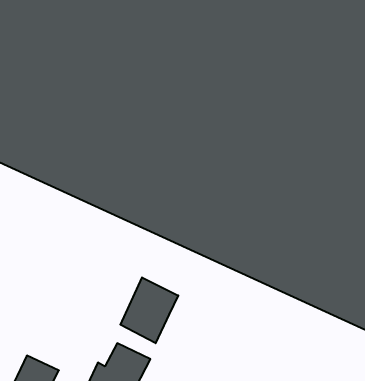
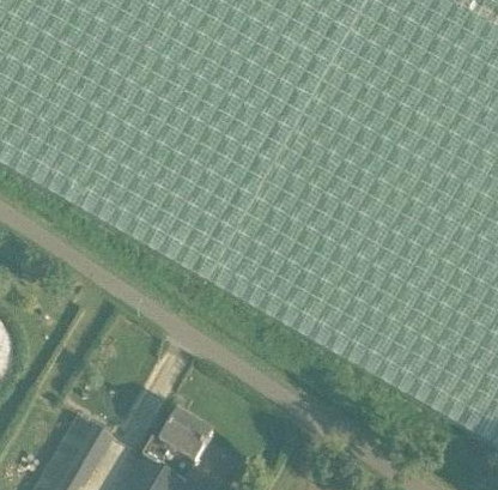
building: [120,277,178,343] -> none

